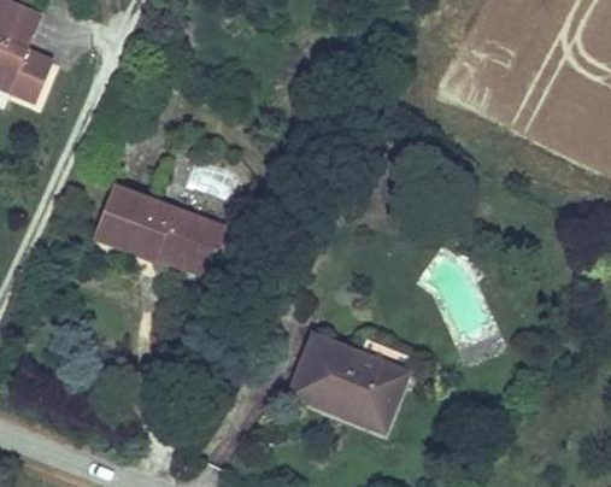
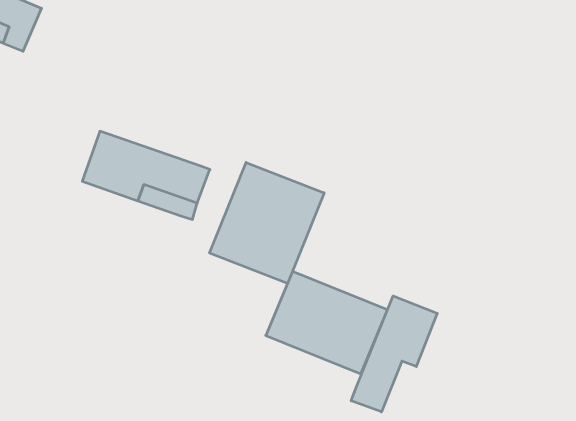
building: none -> [210,162,324,283]
building: none -> [351,296,437,412]

